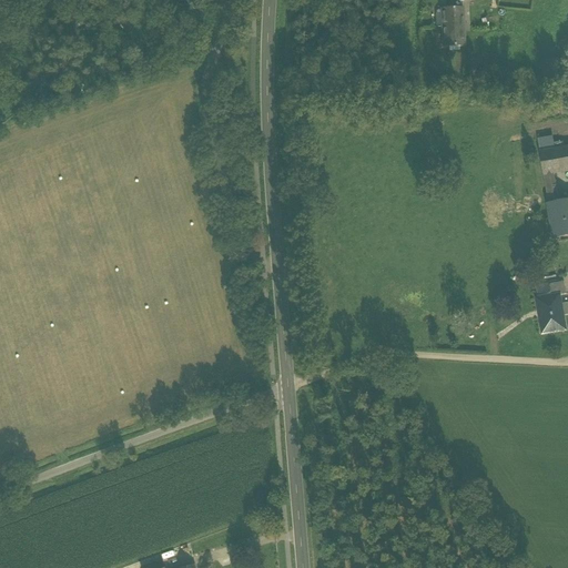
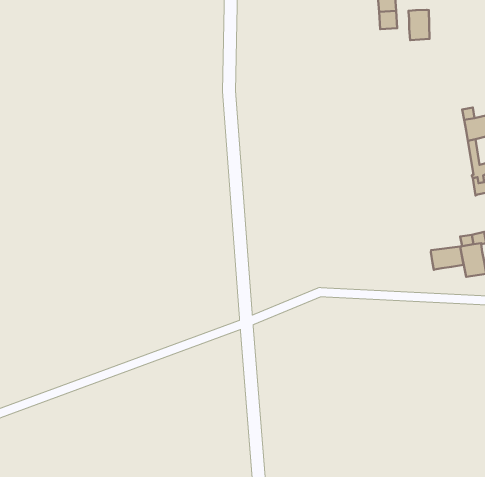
building: none -> [408,10,429,40]
building: none -> [431,246,463,270]

